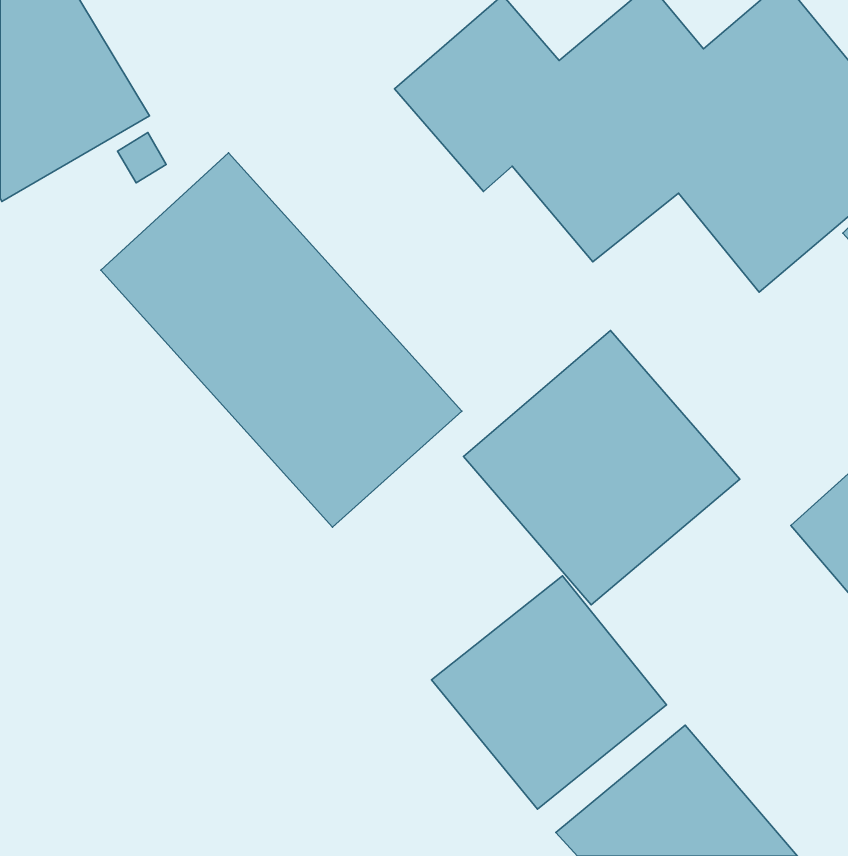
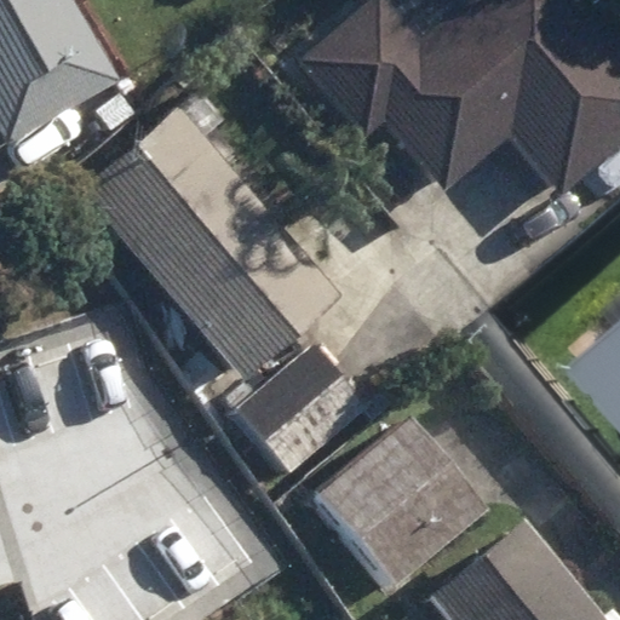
building: [464,330,740,605] -> none
building: none -> [245,341,375,470]

